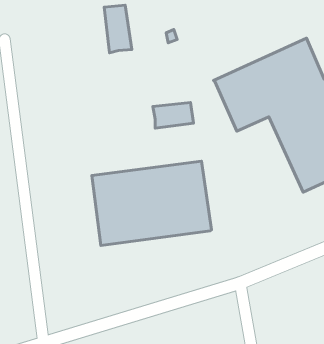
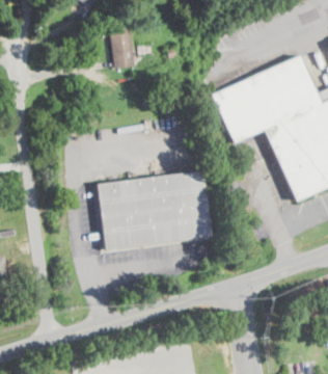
building: [153,103,193,128] -> none

